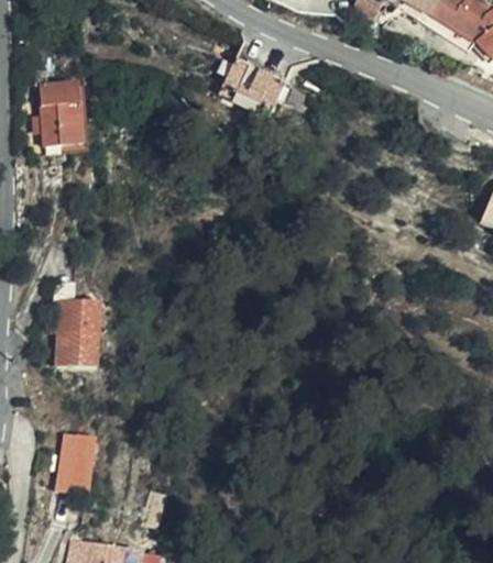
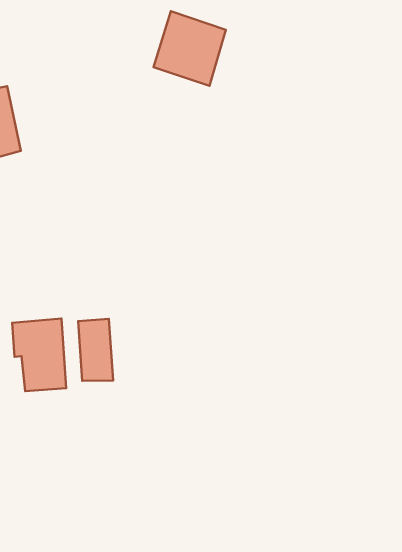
building: none -> [78,319,113,381]
building: [48,431,98,494] -> none

